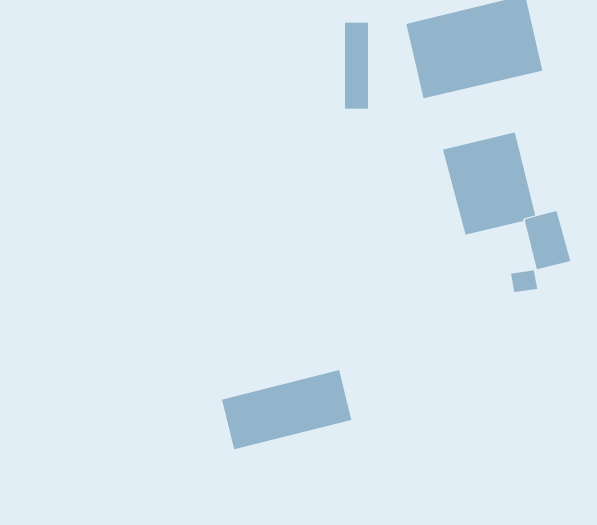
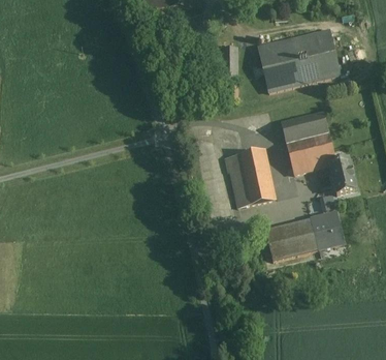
building: none -> [224,148,274,206]
building: [221,370,352,450] -> [264,211,342,259]

